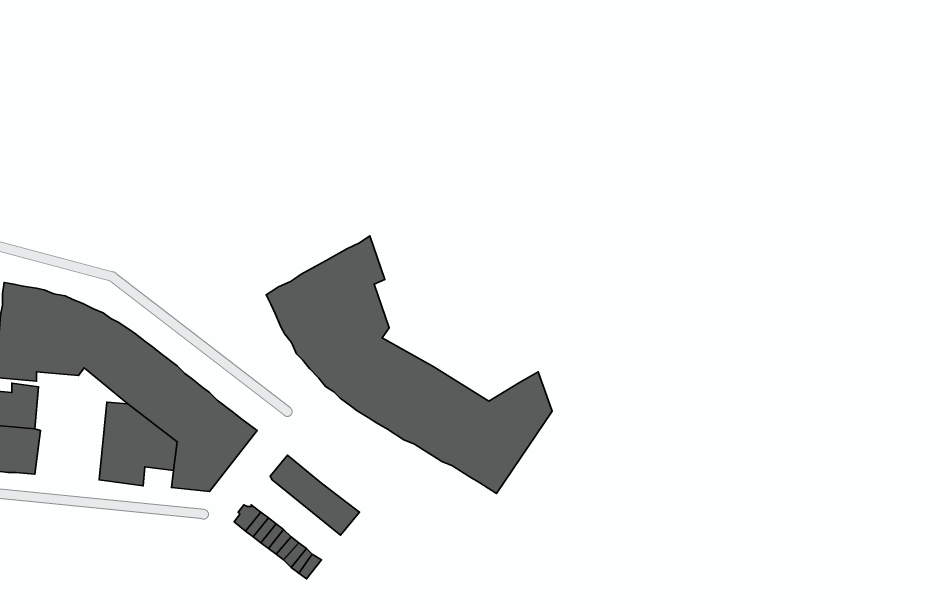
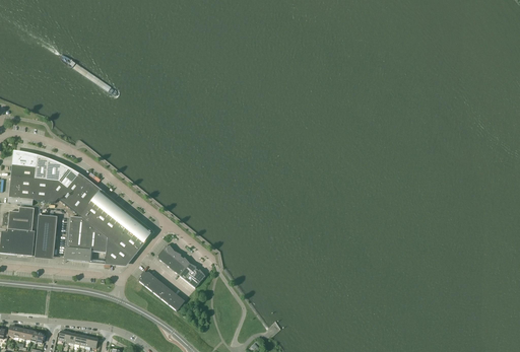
building: [266,236,552,494] -> none
building: none -> [35,214,57,257]

